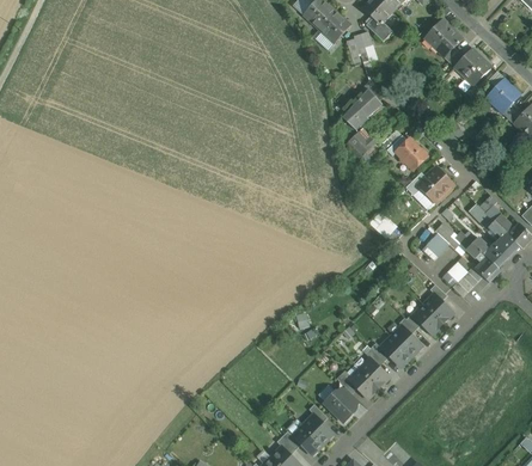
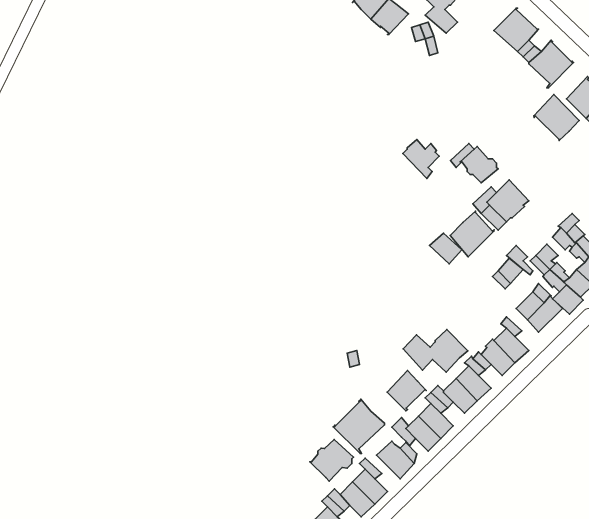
building: [343,82,385,129] -> none
building: none -> [534,95,579,141]
building: none -> [450,211,494,257]
building: none -> [403,330,468,372]
building: none -> [387,371,426,411]
building: none -> [333,399,385,454]
building: none -> [310,439,354,481]

